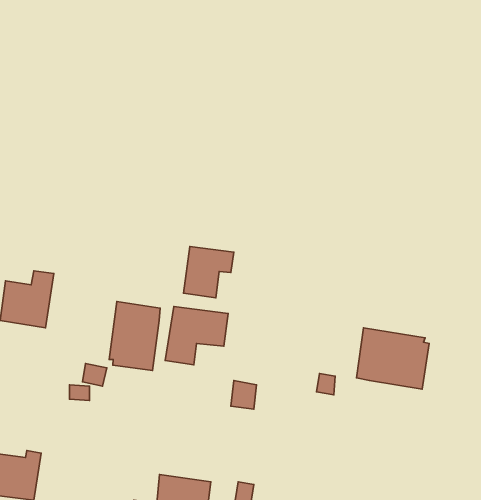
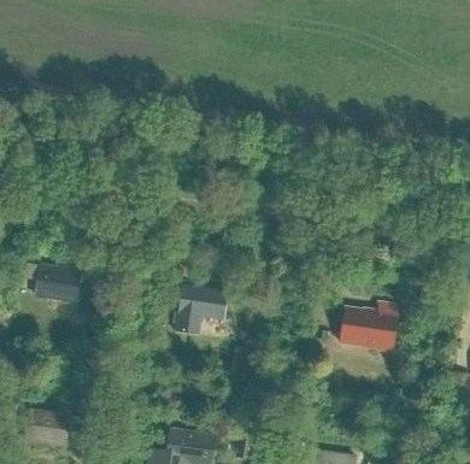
building: [184,247,234,298] -> none
building: [109,301,160,370] -> none

